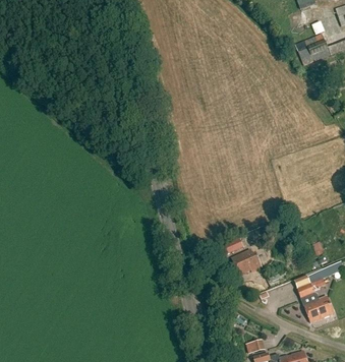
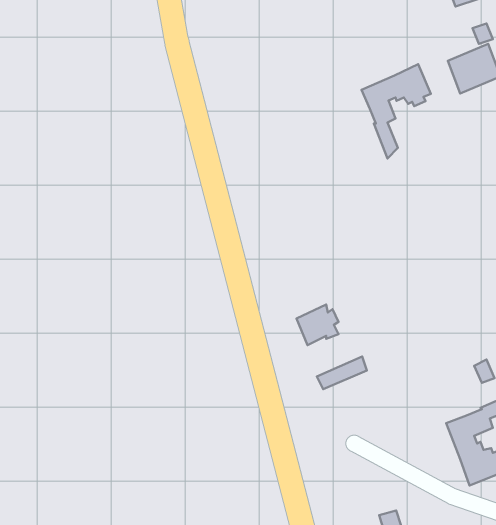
building: none -> [361,64,431,158]
building: [232,249,260,276] -> [297,305,339,345]

